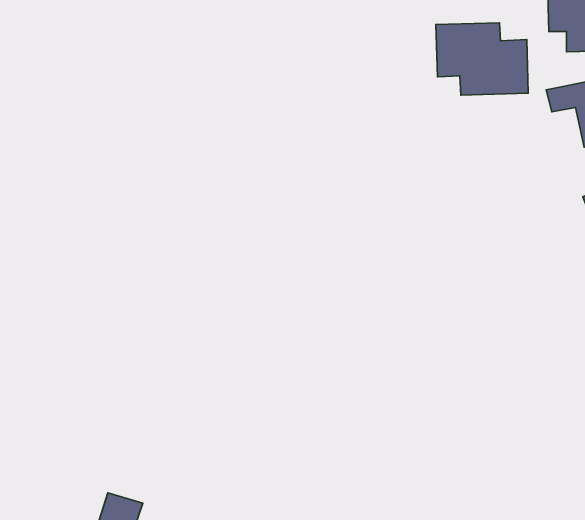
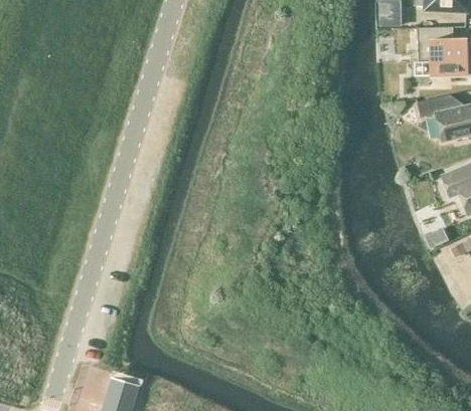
building: [436,23,528,95] -> none

